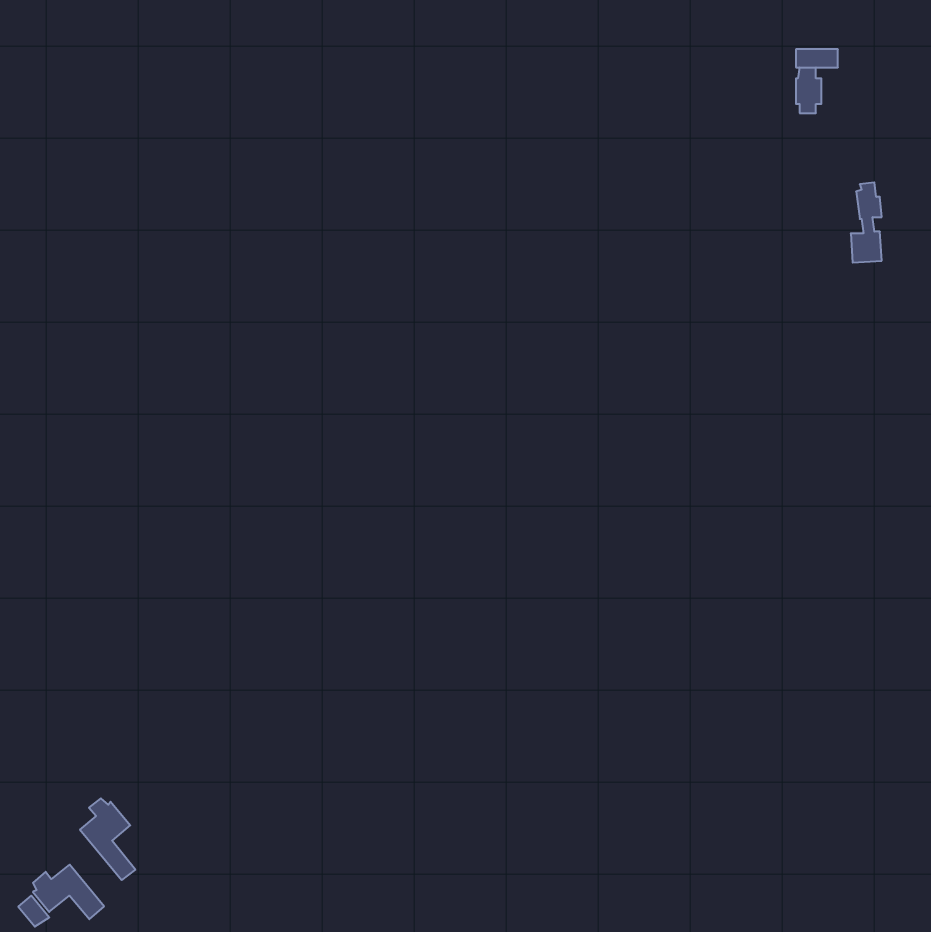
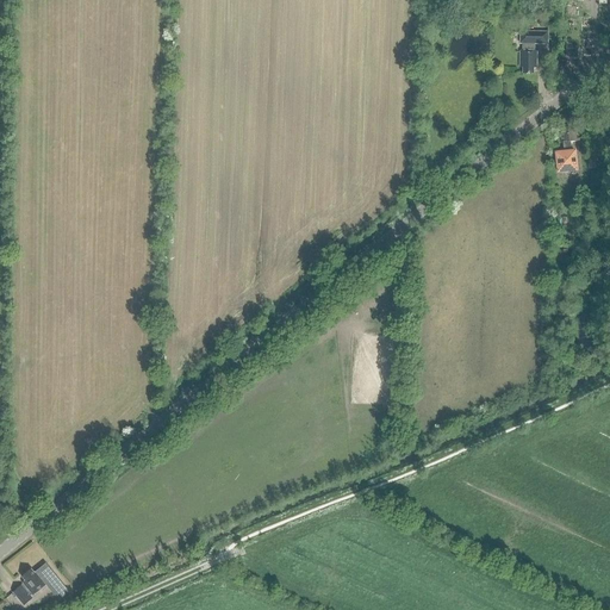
building: [80,798,135,880] -> none

